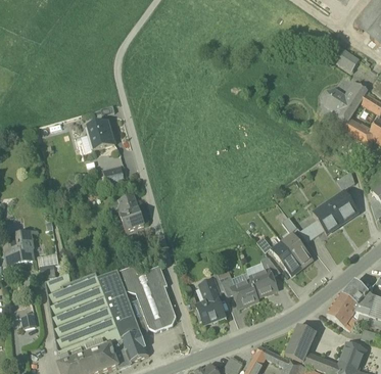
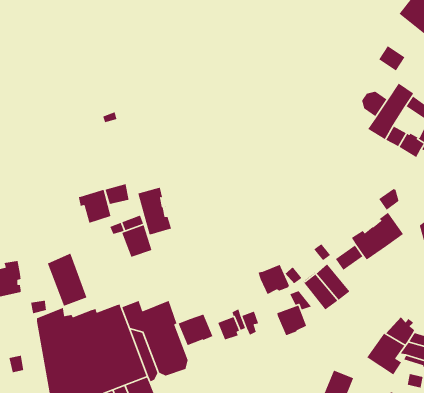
building: [86,120,114,149] -> [78,189,112,224]
building: none -> [137,186,173,236]
building: none -> [47,253,87,307]
building: [231,279,258,306] -> [257,264,290,295]
building: [195,295,226,323] -> [177,314,213,346]

